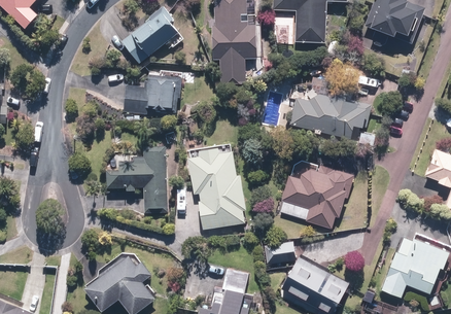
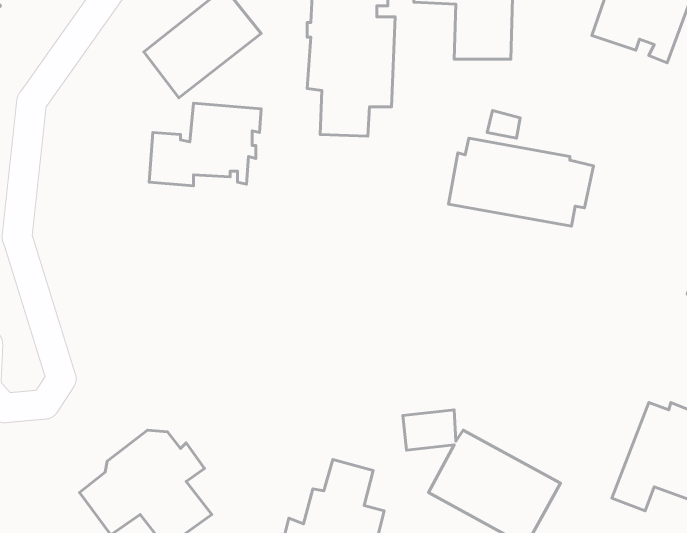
building: [187,143,246,230] -> none
building: [104,144,168,217] -> none
building: [277,160,354,232] -> none

